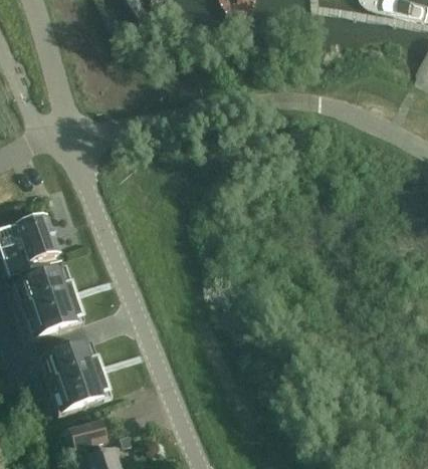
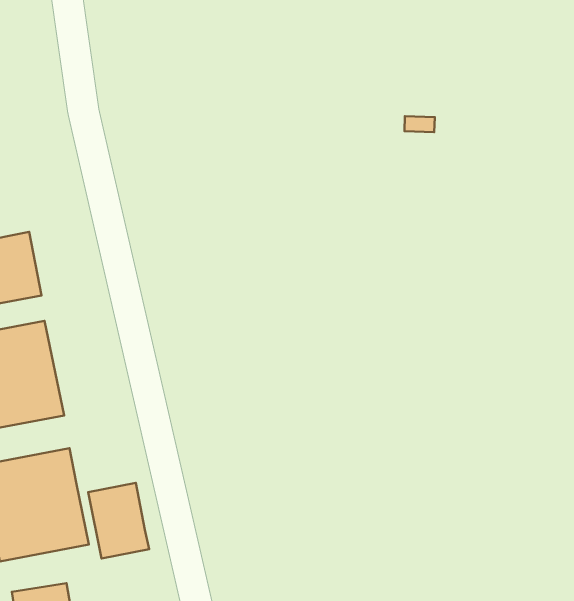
building: none -> [88,483,149,558]

